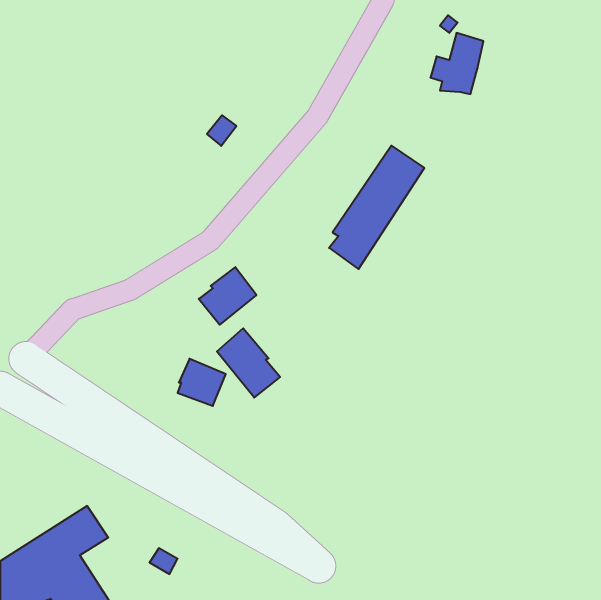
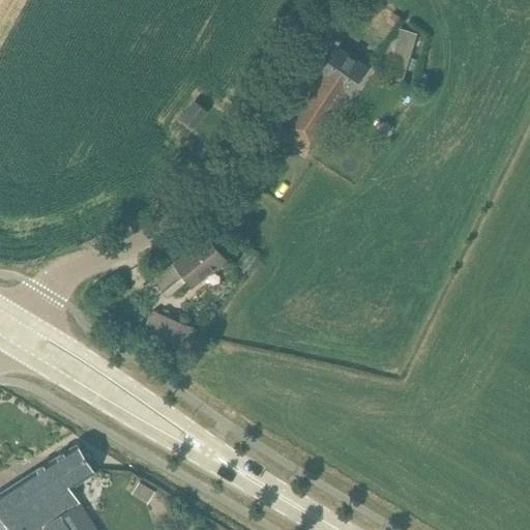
building: [329,146,424,269] -> [283,49,366,157]
building: [217,328,280,398] -> none

